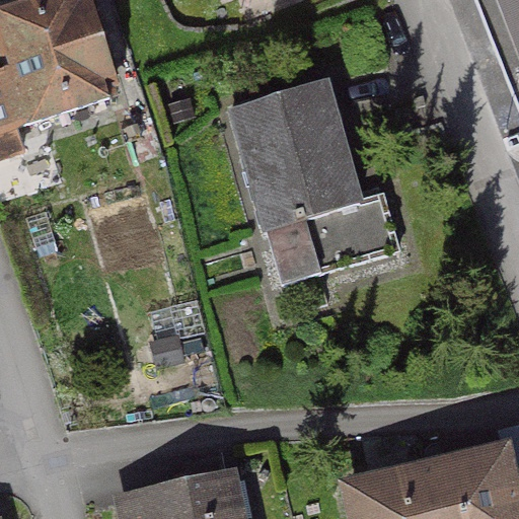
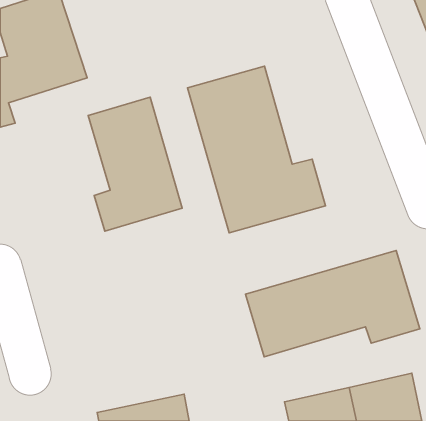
building: none -> [88,97,182,231]
building: none -> [246,251,420,357]

